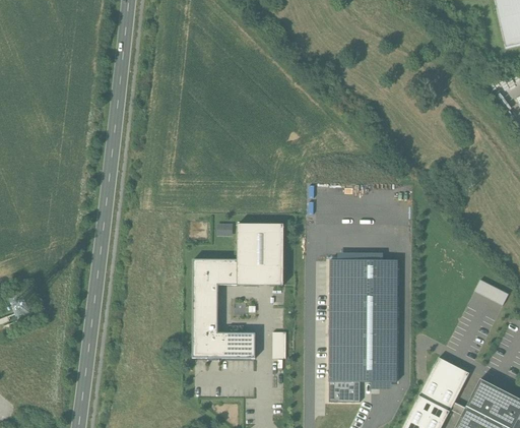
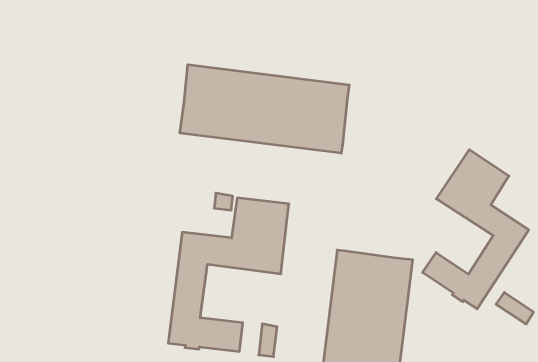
building: none -> [180,65,349,153]
building: none -> [423,150,529,309]

